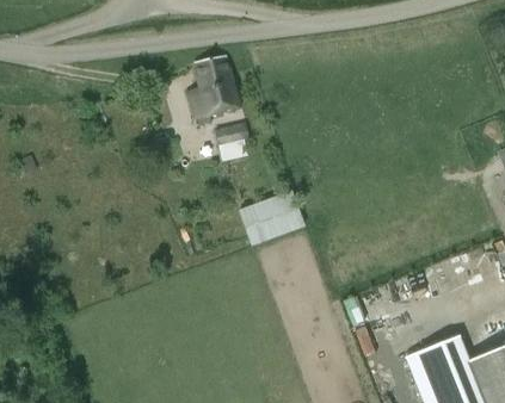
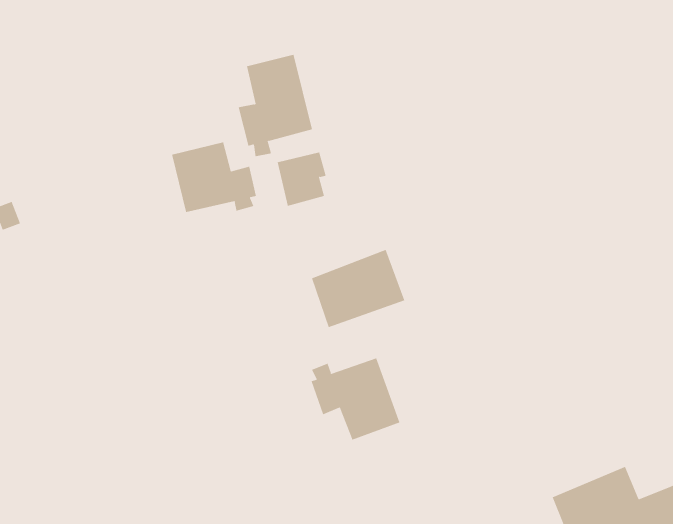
building: none -> [172,142,256,213]
building: none -> [311,358,400,440]

